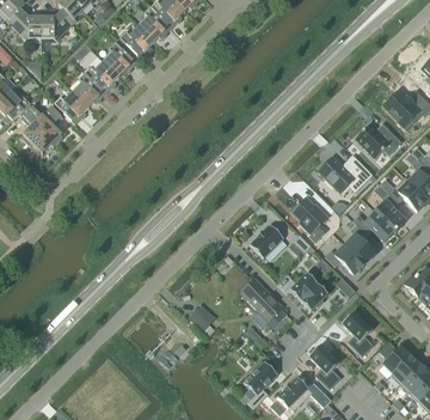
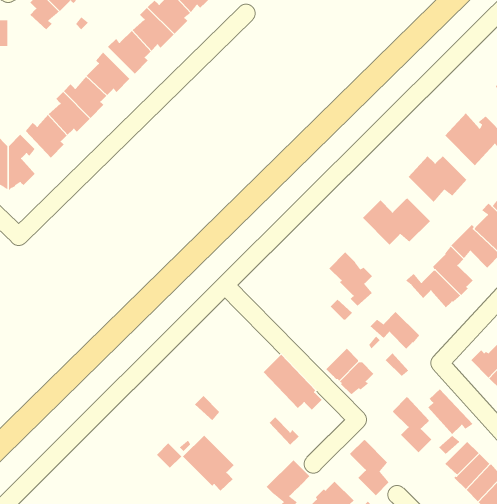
building: [42,12,72,39] -> none
building: [250,224,284,257] -> none
building: [345,224,375,263] -> none
building: none -> [428,388,473,435]
building: none -> [182,435,235,492]

